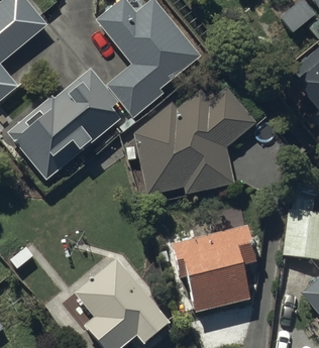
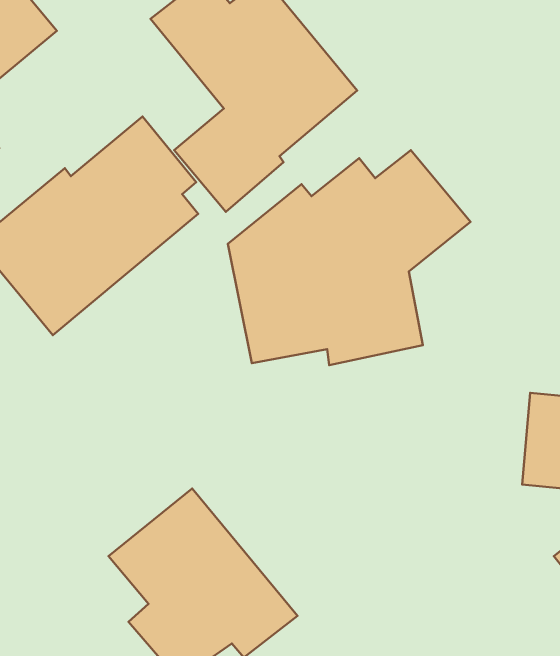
building: [172,207,255,312] -> none

